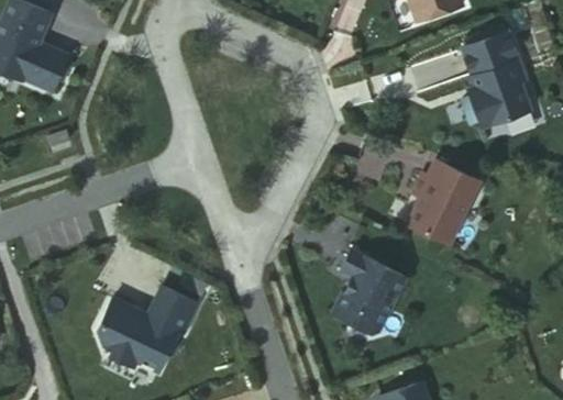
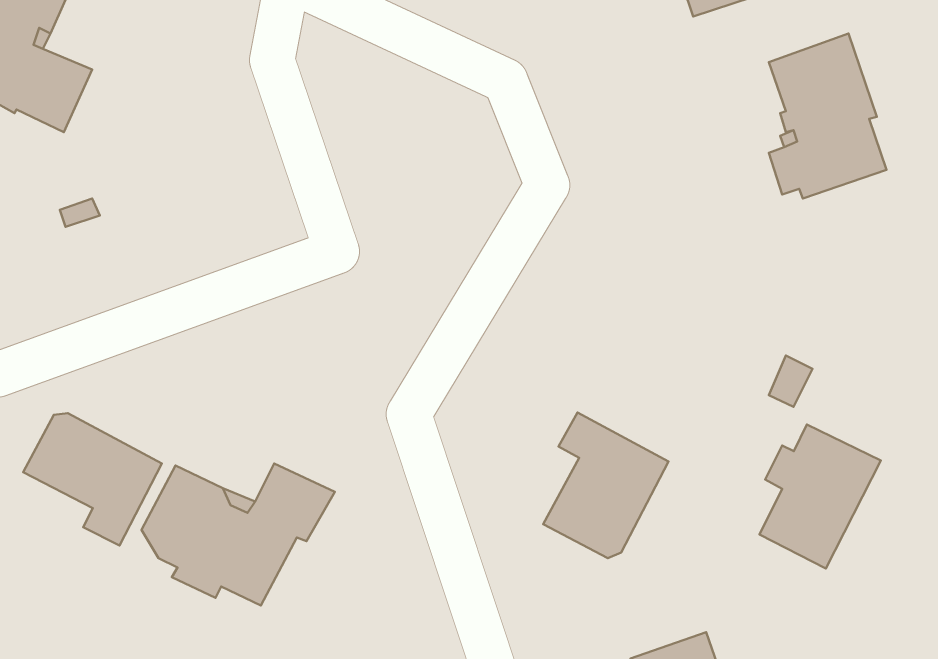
building: [407,163,477,246] -> [760,425,881,568]
building: none -> [23,413,162,545]

